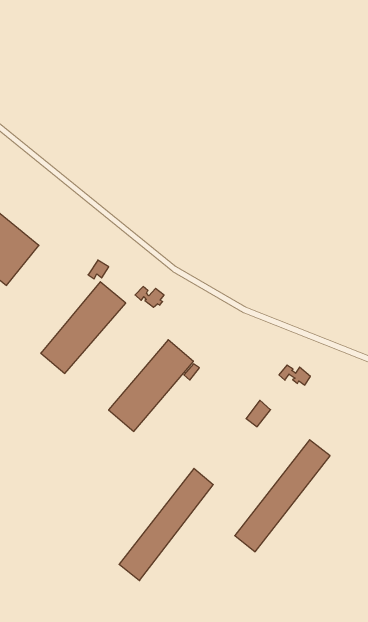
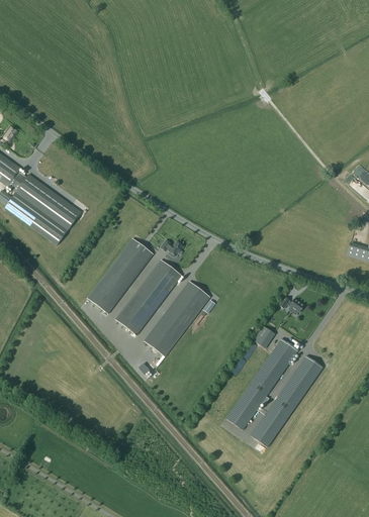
building: none -> [115,260,181,334]
building: [119,468,213,581] -> [225,337,297,429]

